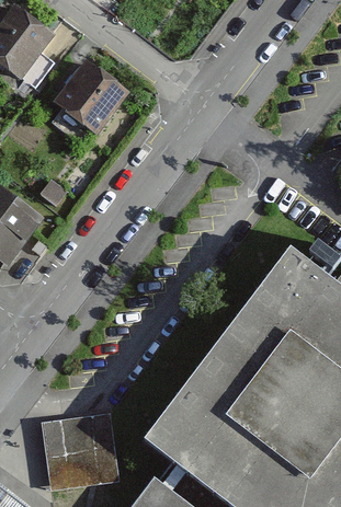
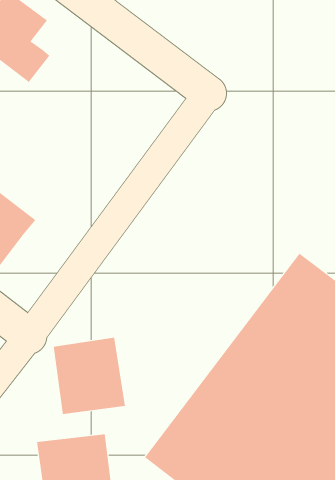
building: [53,60,126,145] -> none
building: none -> [53,337,125,415]

